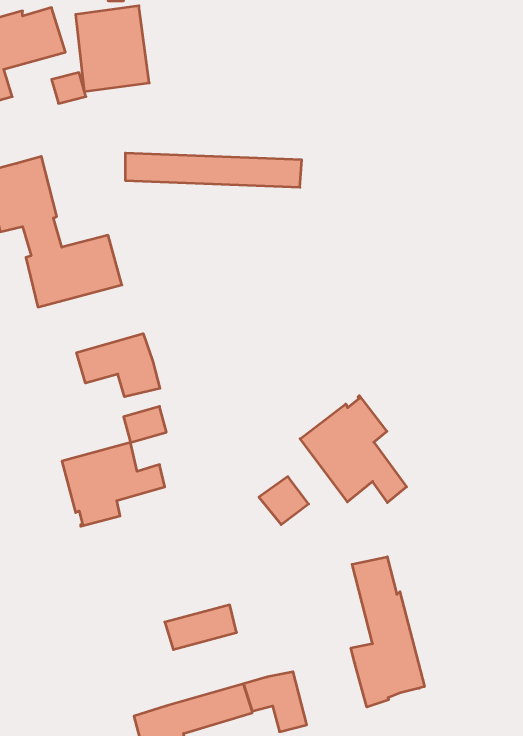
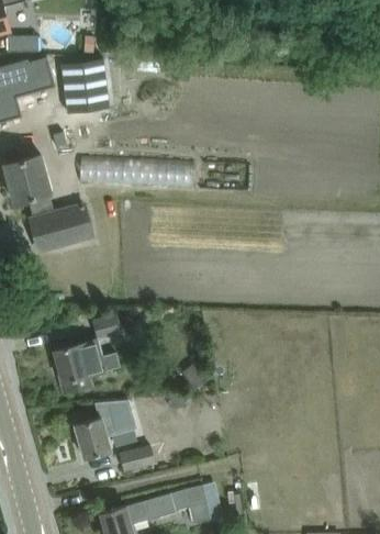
building: [77,334,160,397] -> none
building: [300,396,407,503] -> none
building: none -> [74,402,134,458]
building: [351,557,424,707] -> none

